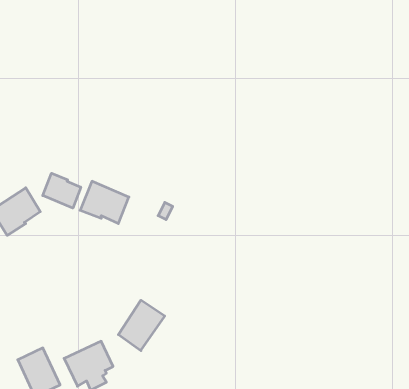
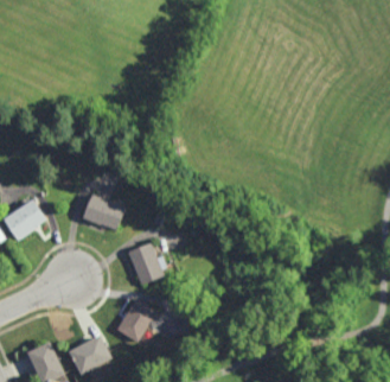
building: [43,173,81,208] -> none
building: none -> [128,243,167,286]

